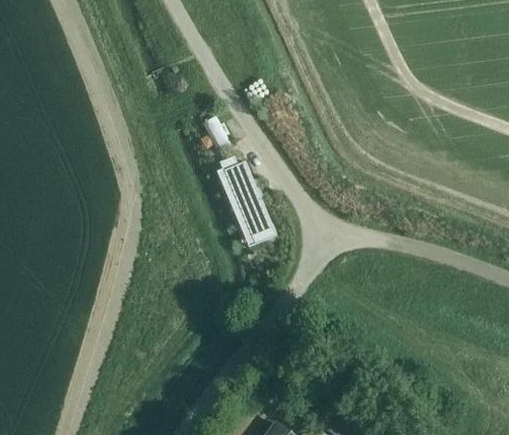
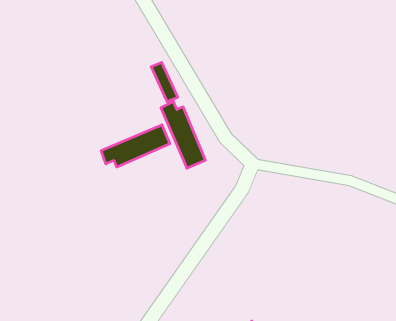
building: none -> [101,125,170,167]

